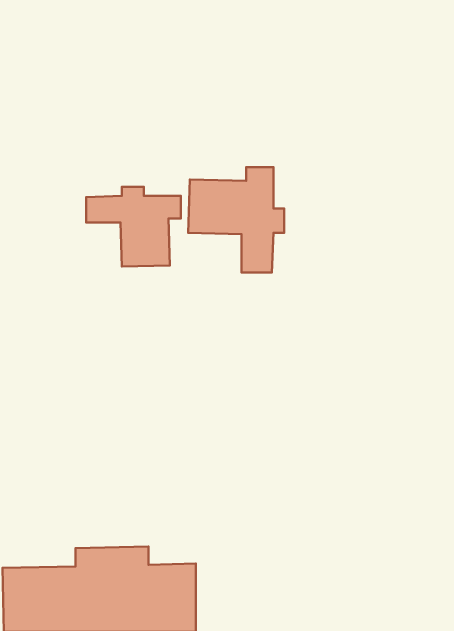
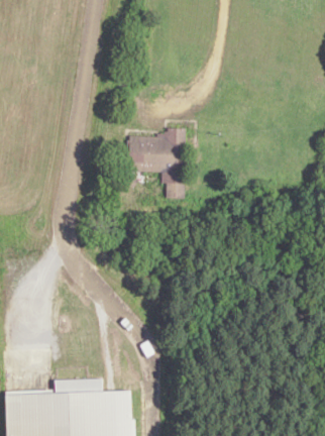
building: [86,187,181,267] -> none

